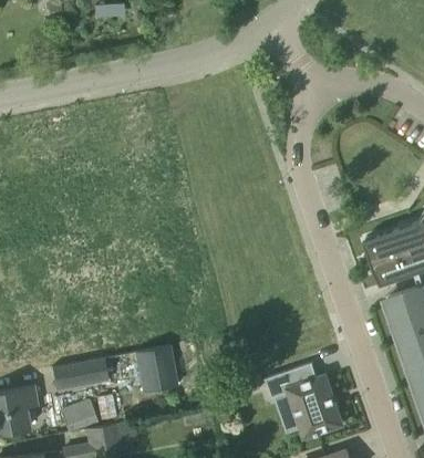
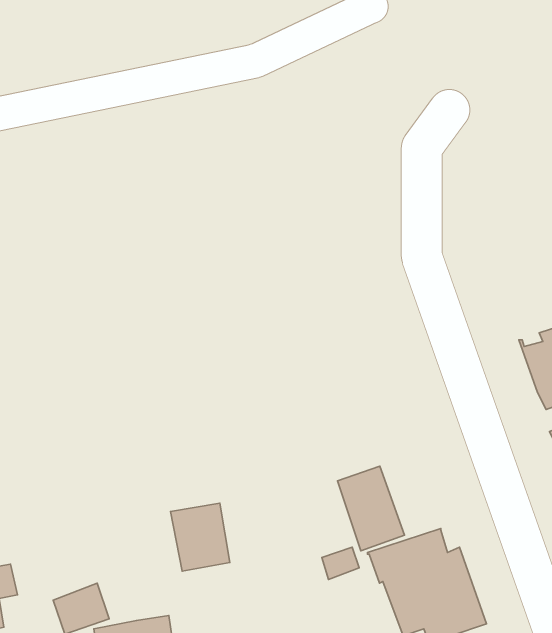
building: none -> [338,466,404,551]
building: [52,357,108,389] -> none

